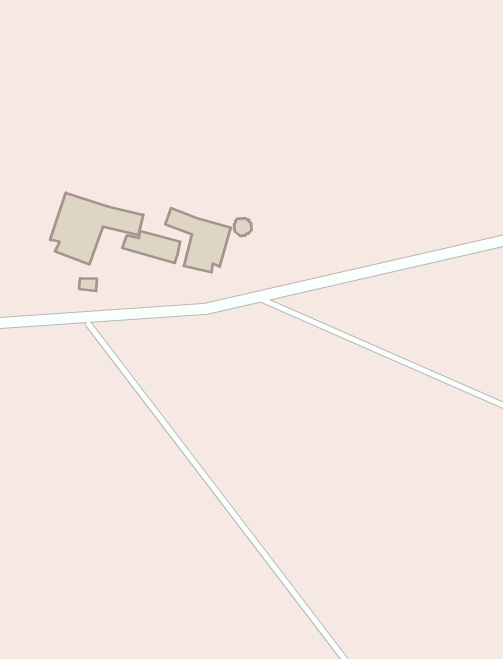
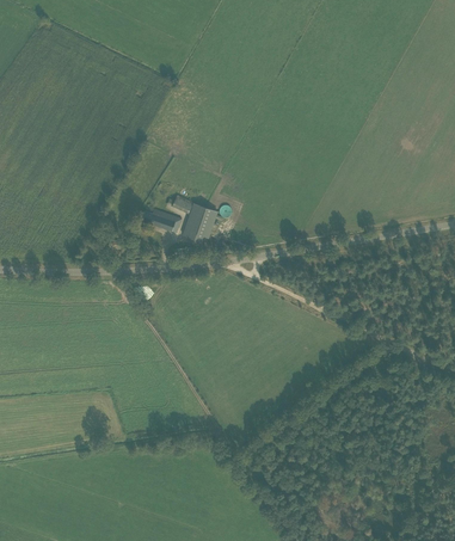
building: [50,193,143,264] -> none

